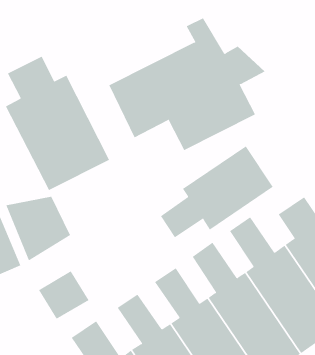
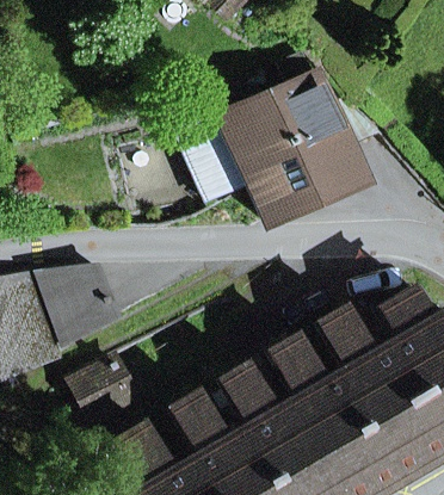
building: [5,56,110,191] -> none
building: [160,145,273,238] -> none

